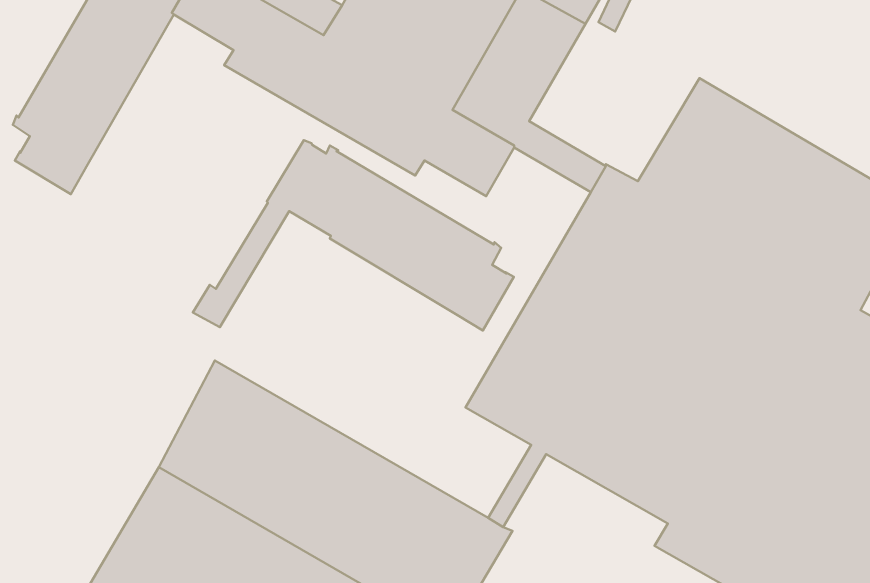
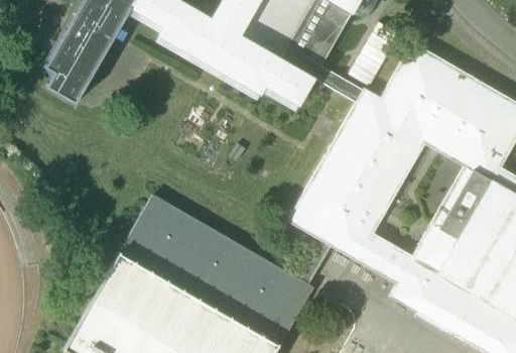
building: [193,140,514,331] -> none

